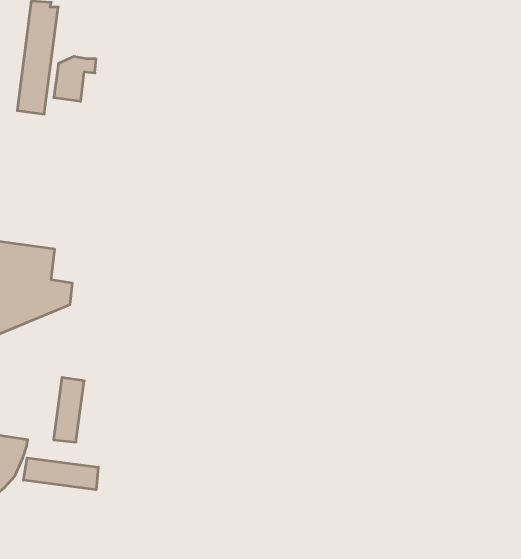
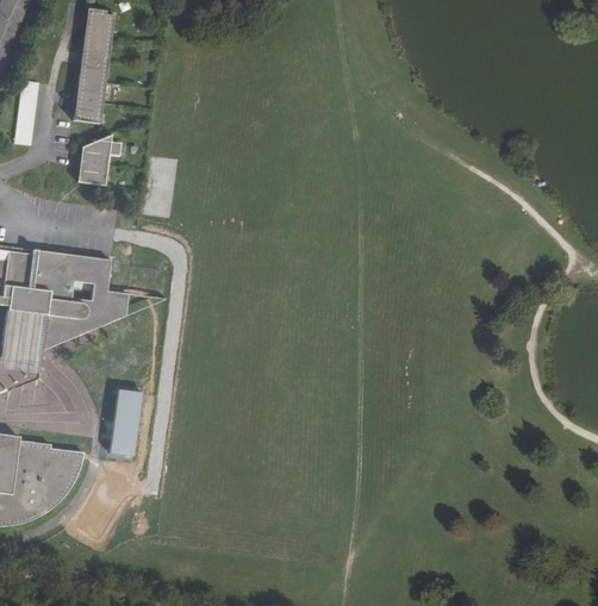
building: [54,56,96,101] -> [76,139,119,185]
building: [23,458,98,490] -> none

